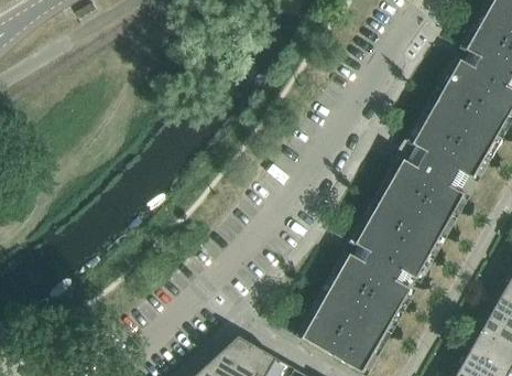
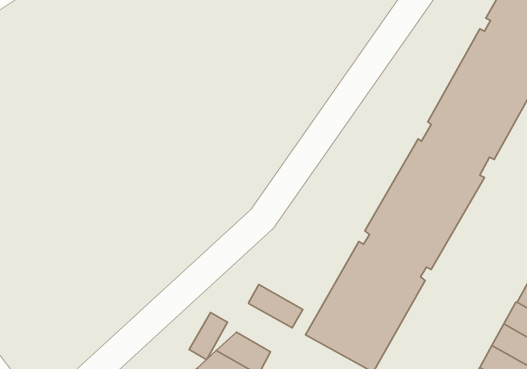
building: none -> [249,285,303,328]
building: none -> [189,313,228,359]

